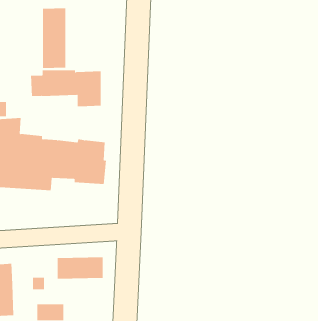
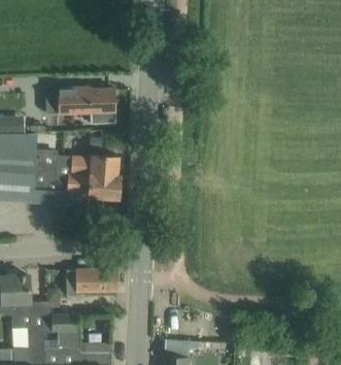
building: [42,7,66,69] -> none

